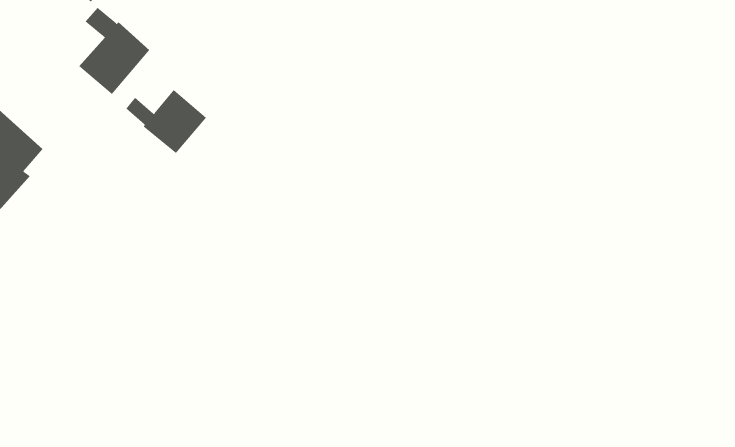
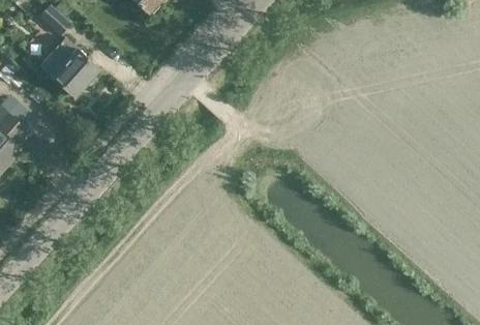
building: [125,89,207,154] -> none

